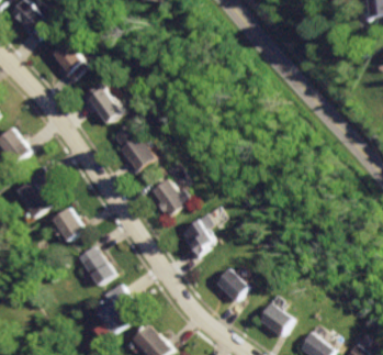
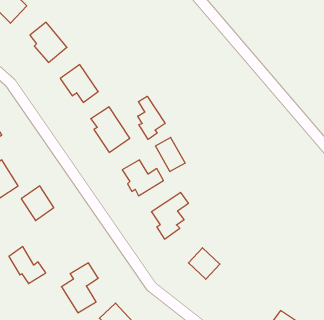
building: none -> [138,96,165,139]
building: none -> [155,137,185,172]
building: [75,247,112,285] -> [9,247,46,284]
building: [260,303,294,336] -> none

